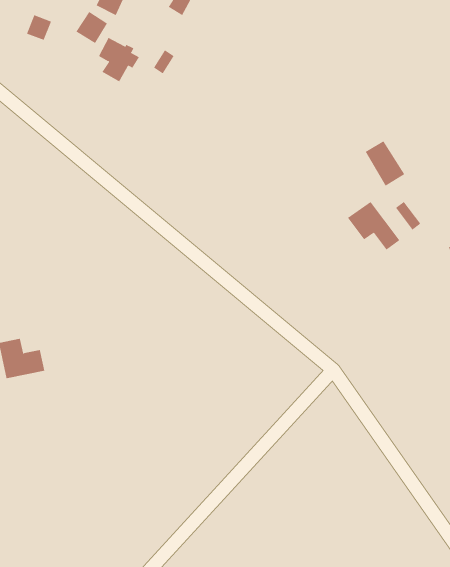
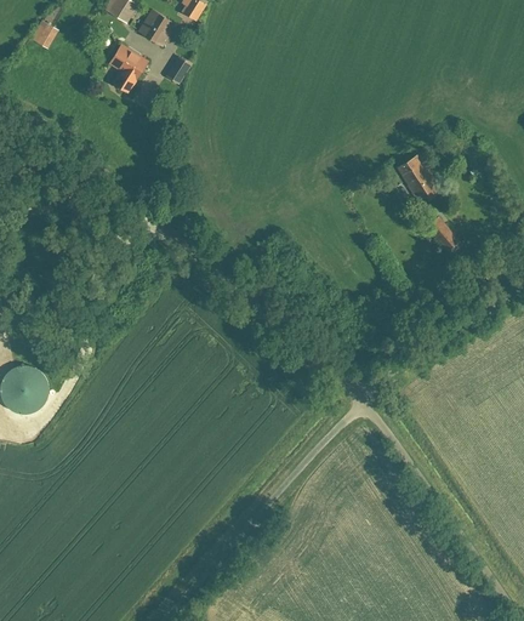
building: [75,11,108,44] -> [138,8,173,44]
building: [347,201,400,250] -> none

